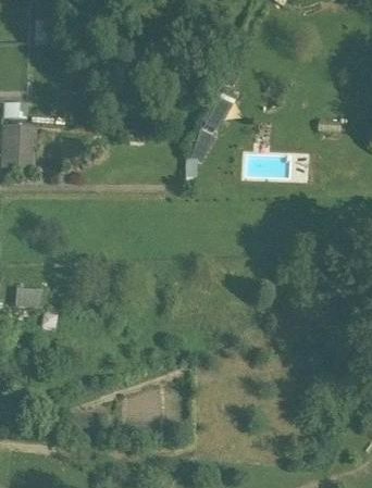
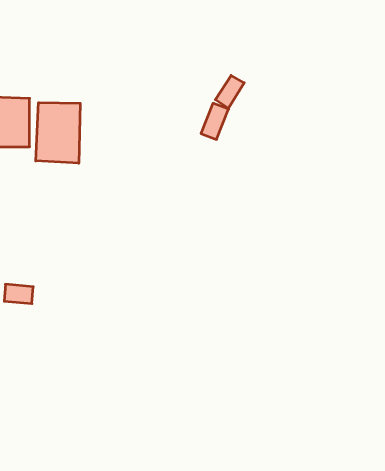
building: none -> [36,103,80,163]

